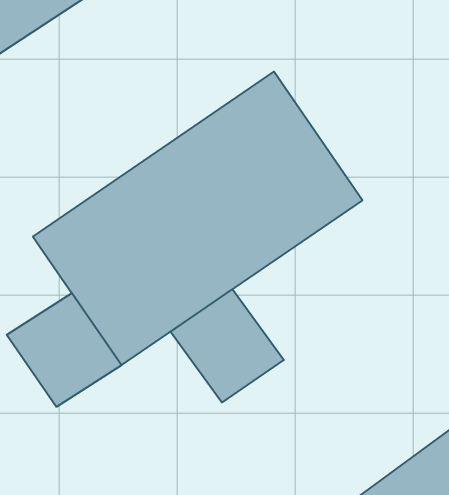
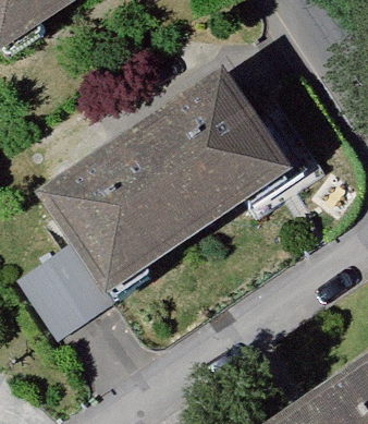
building: [171,289,284,402] -> none

